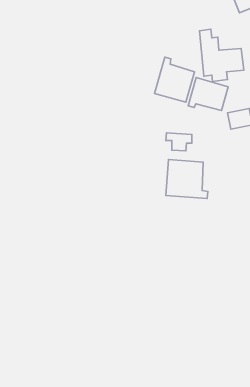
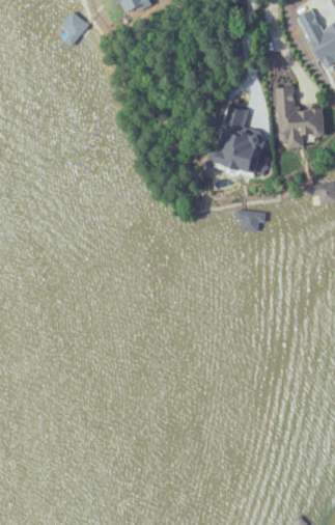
building: [188,78,228,110] -> none
building: [166,160,208,198] -> none

